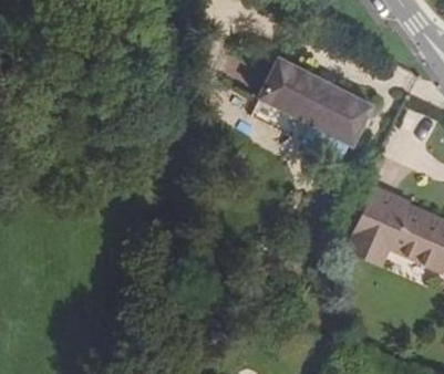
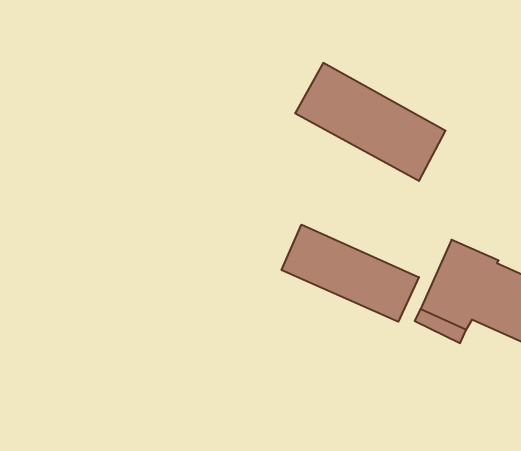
building: none -> [282,225,419,322]

